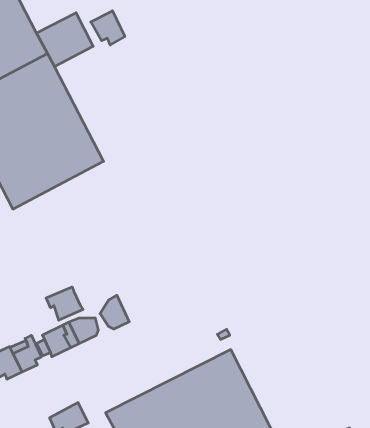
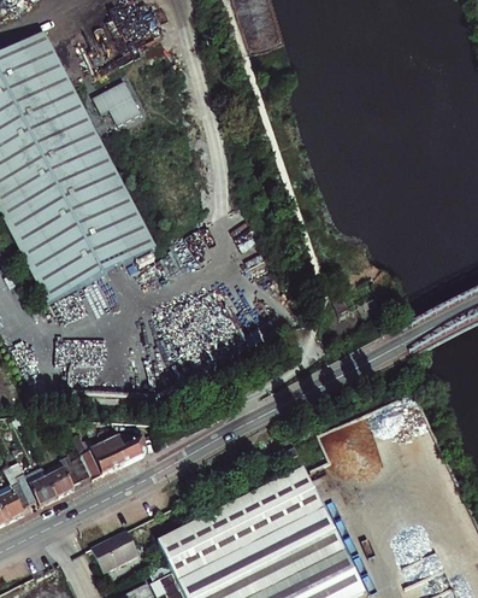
building: [91,11,125,45] -> none
building: [46,287,83,320] -> none
building: [100,295,129,329] -> none

